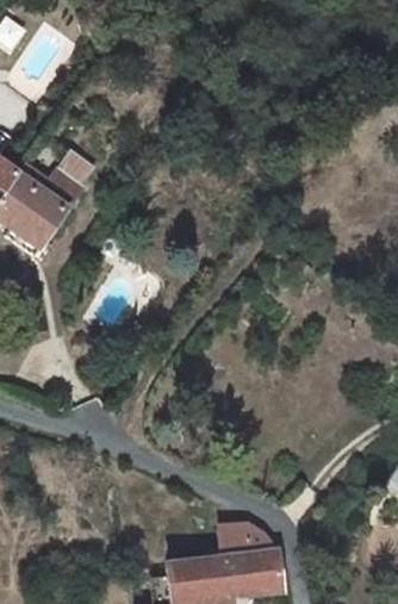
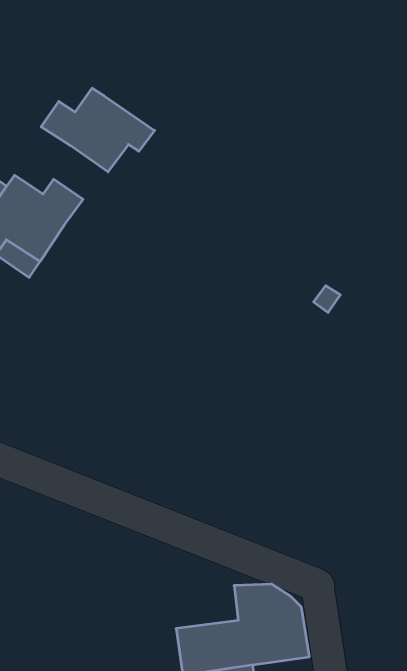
building: none -> [41,88,155,172]

